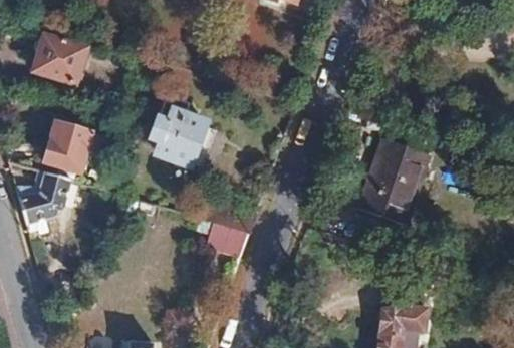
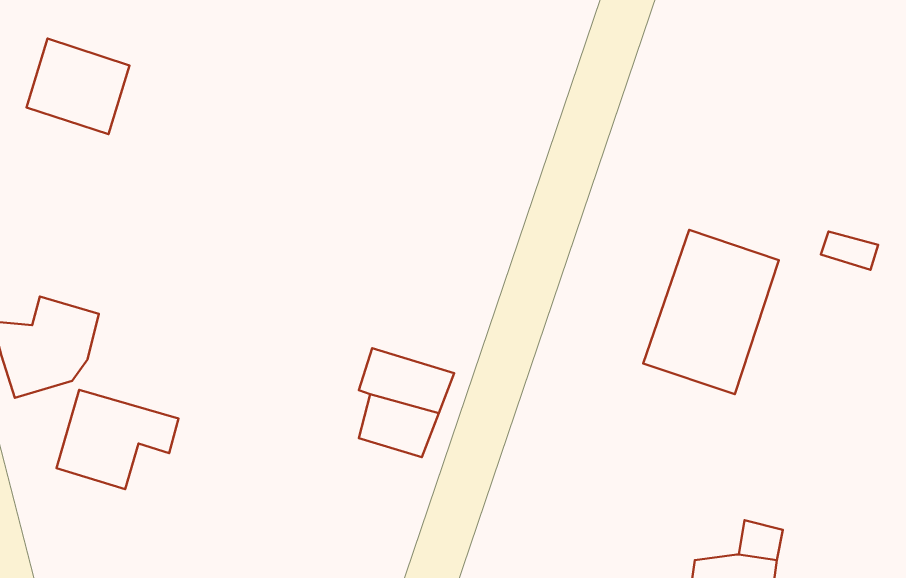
building: [152,95,216,166] -> none
building: [43,122,107,175] -> [56,390,179,489]

